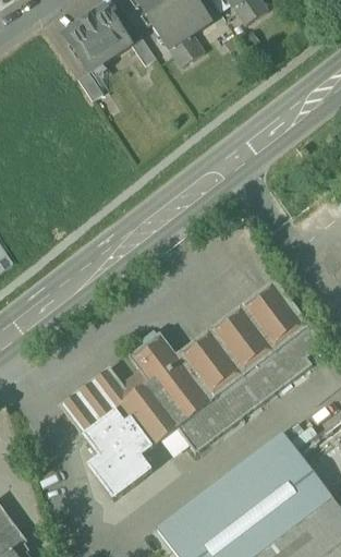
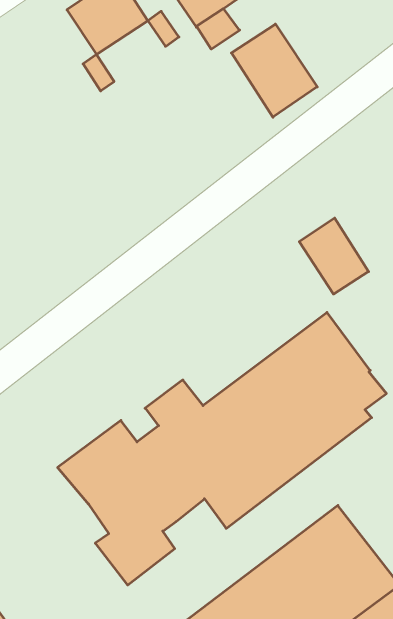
building: none -> [231,24,317,117]
building: none -> [299,218,369,294]

